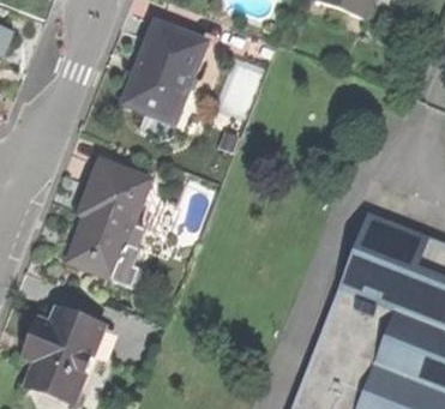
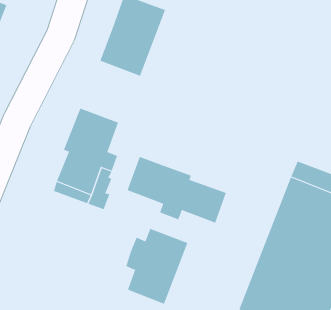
building: none -> [127,156,227,224]
building: [24,308,101,402] -> [125,228,188,304]

